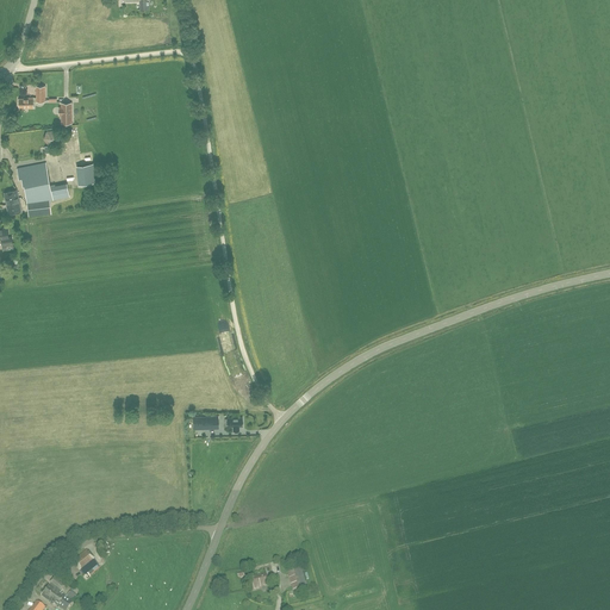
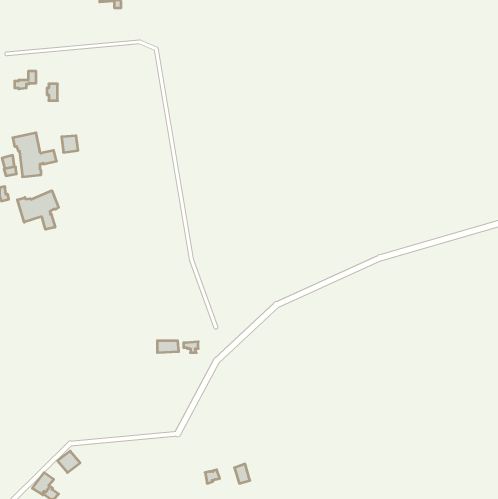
building: none -> [17,191,59,229]

